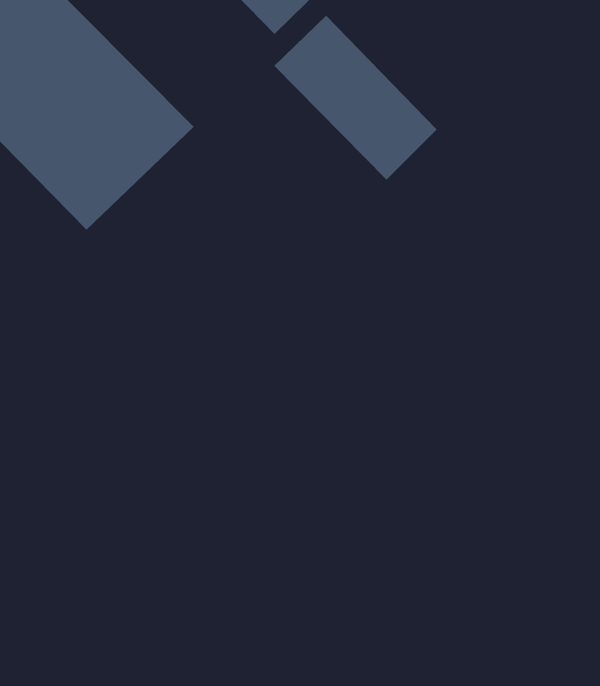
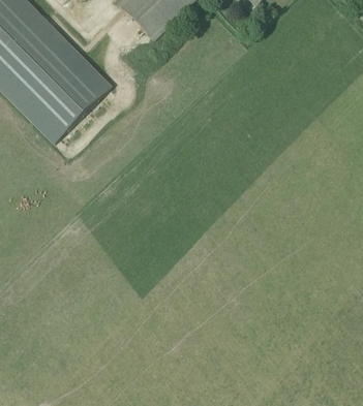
building: [273,15,438,181] -> none

